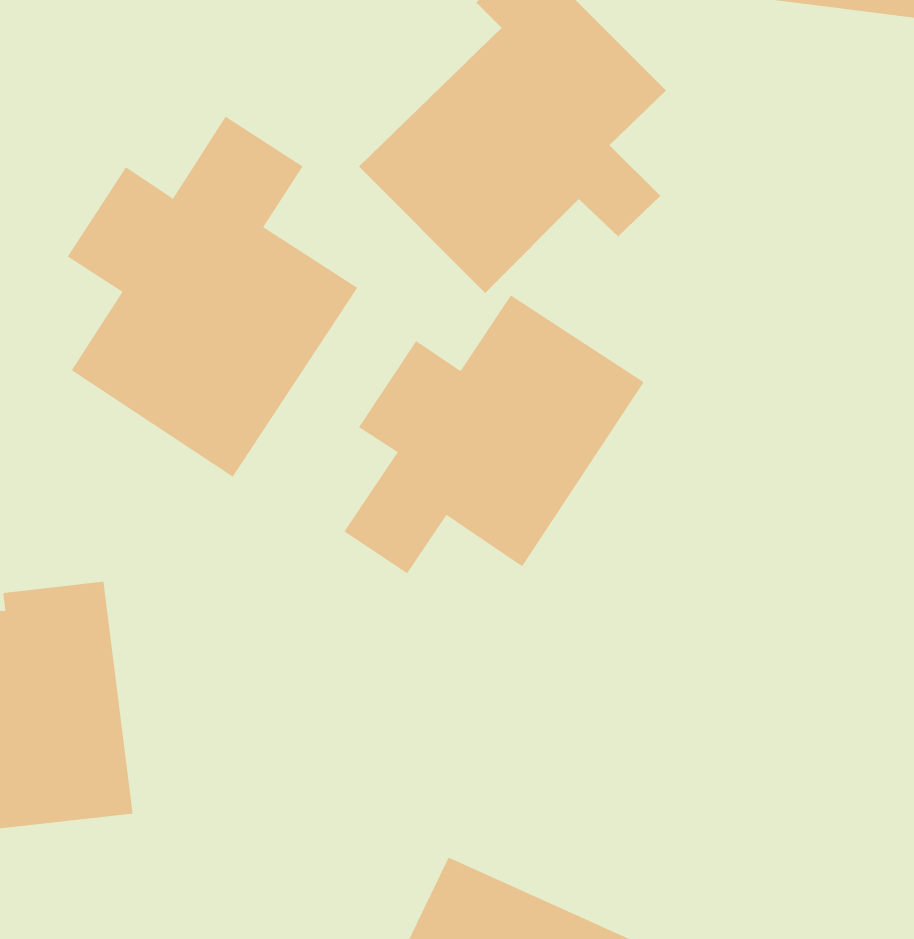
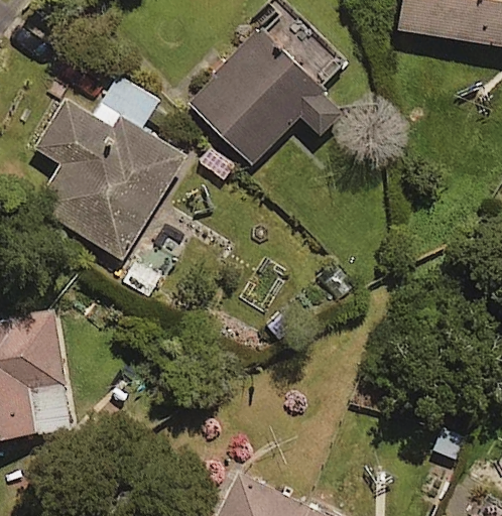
building: [344,294,644,574] -> none

